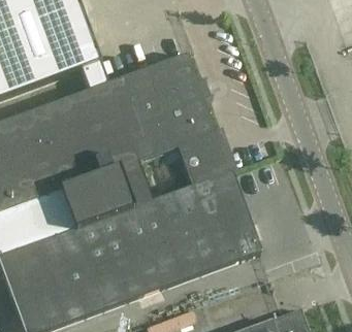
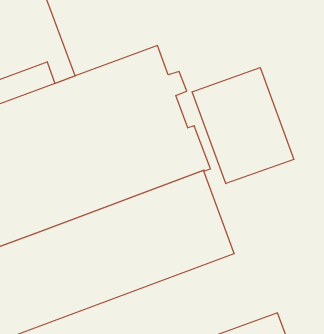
building: none -> [192,68,294,184]

